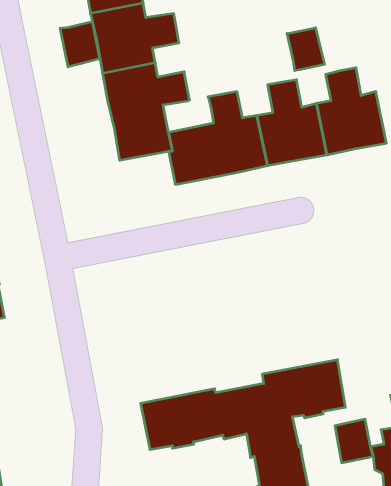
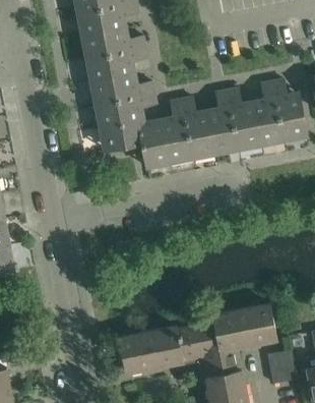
building: [60,22,100,67] -> none
building: [287,28,324,71] -> none

